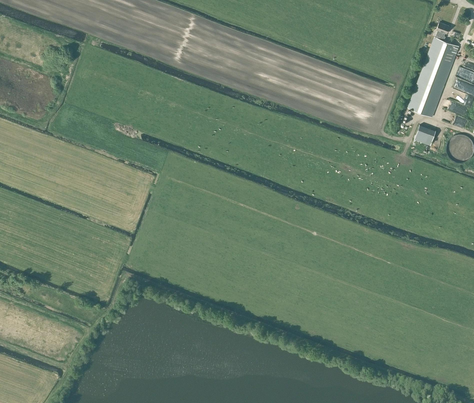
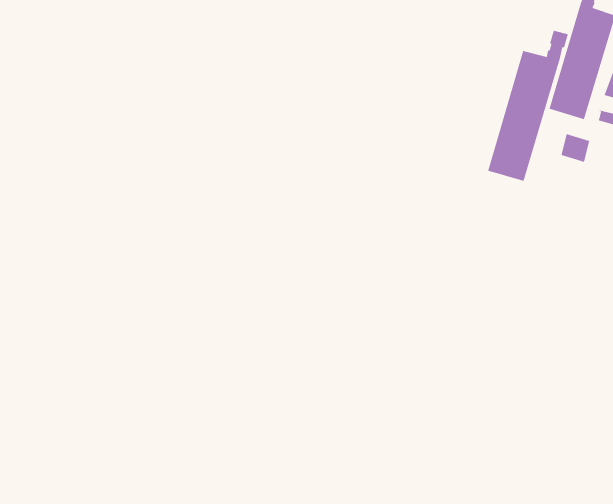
building: none -> [487,30,569,182]

